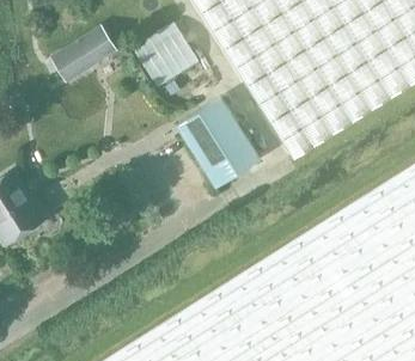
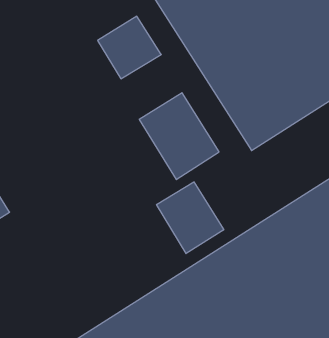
building: [50,26,117,84] -> none
building: none -> [157,182,224,254]

